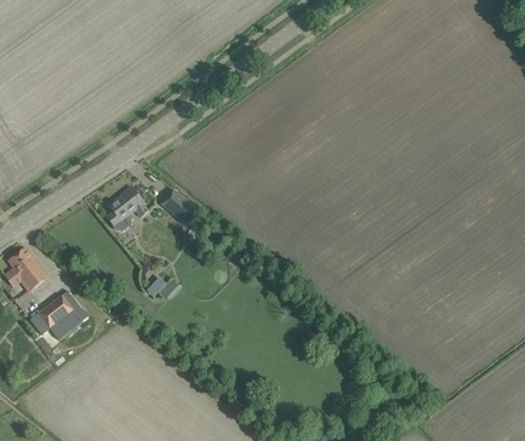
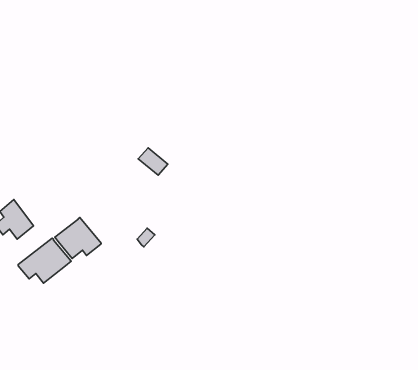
building: [108,187,148,230] -> none
building: none -> [55,217,101,259]

